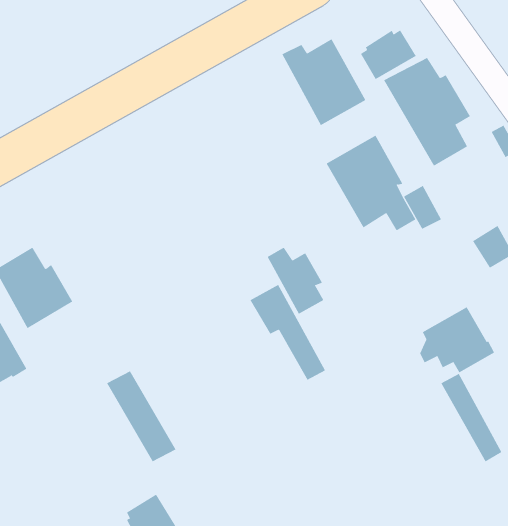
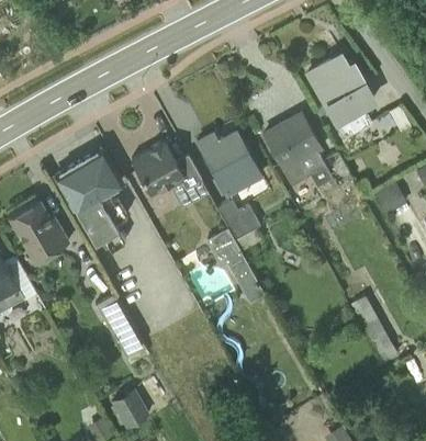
building: [360,29,417,80] -> none
building: [282,38,366,126] -> [197,129,261,196]
building: none -> [131,142,208,206]
building: none -> [56,149,125,250]
building: [419,307,495,373] -> none

